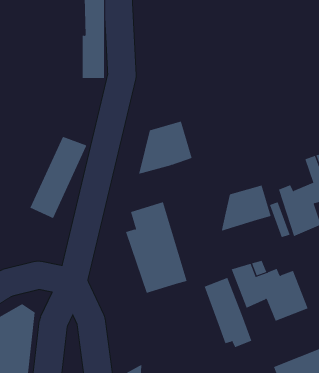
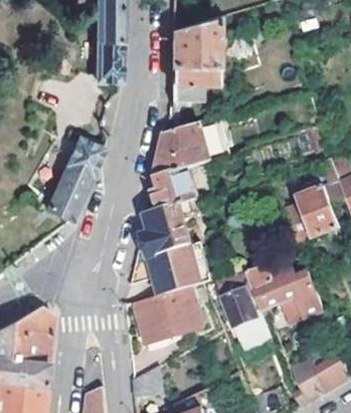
building: none -> [169,17,217,101]
building: [221,185,271,231] -> [146,168,196,214]
building: none -> [135,286,203,342]

